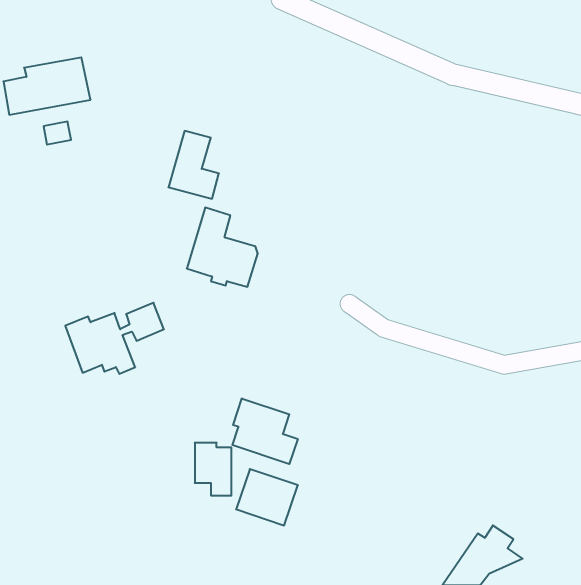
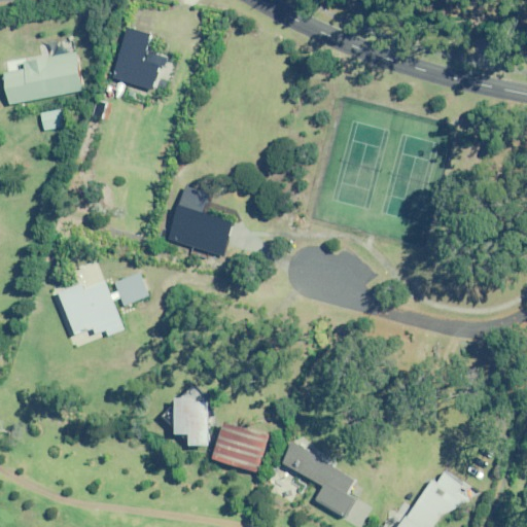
building: [168,131,219,199] -> [112,28,157,89]
building: [232,398,298,464] -> none
building: none -> [281,444,352,516]

